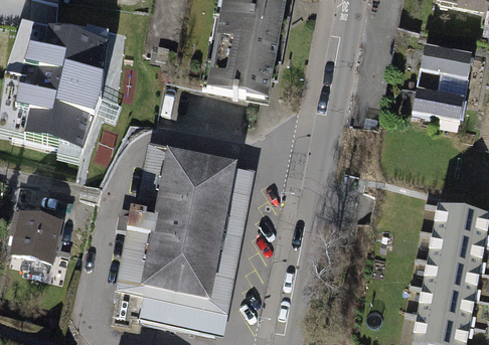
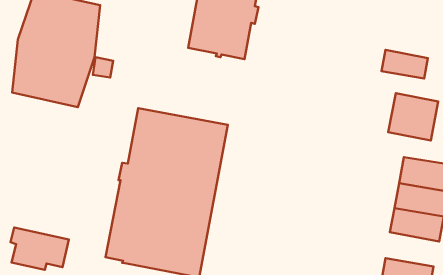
building: [420,44,474,96] -> [388,93,438,140]
building: [15,211,78,257] -> [11,227,69,270]
building: [420,285,478,322] -> none

